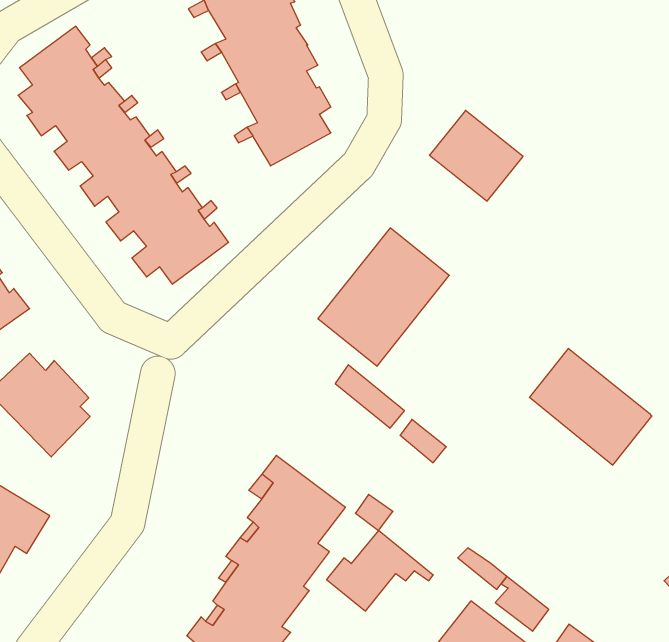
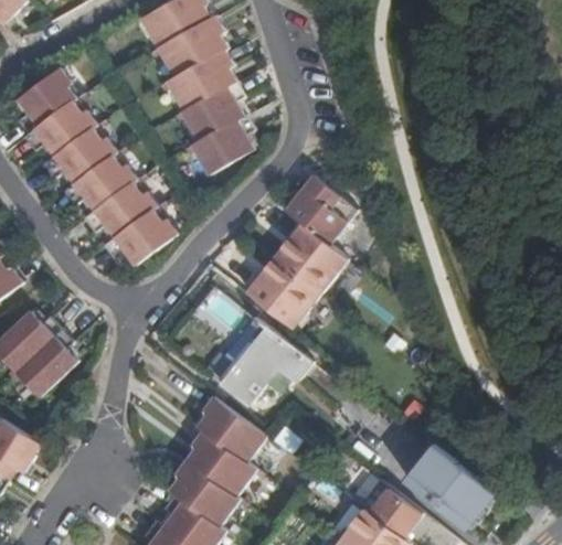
building: [429,110,523,201] -> [283,174,354,244]
building: [529,348,652,465] -> [404,441,498,531]
building: [327,530,433,611] -> [218,341,299,403]

